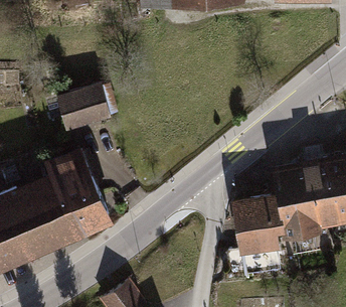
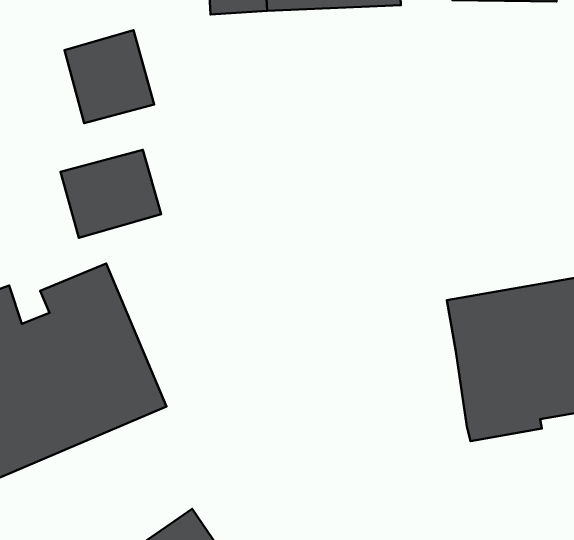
building: none -> [64,30,154,123]
building: [229,194,281,260] -> none

